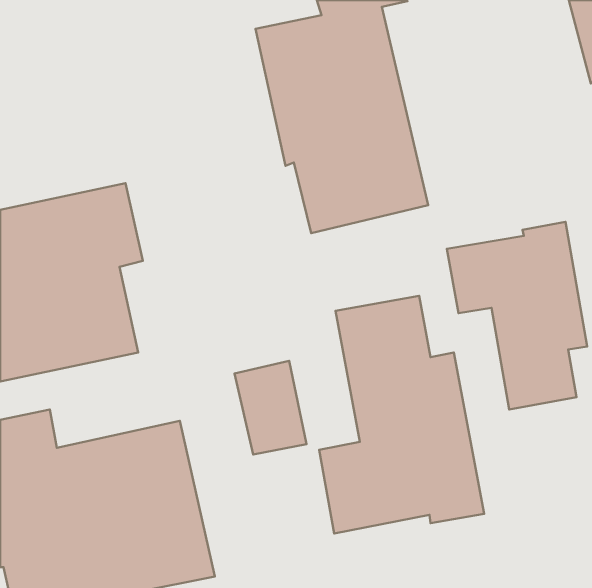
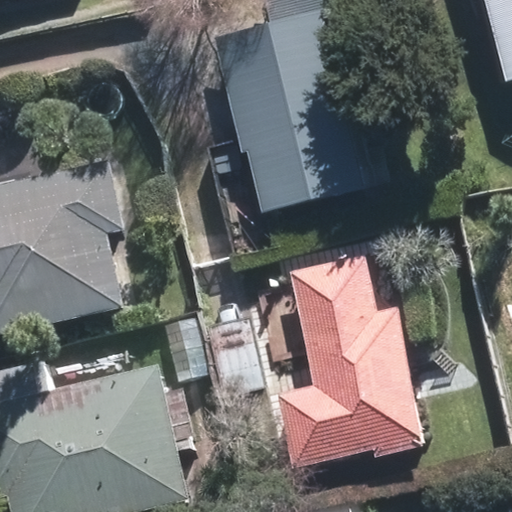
building: [447,222,587,409] -> none

